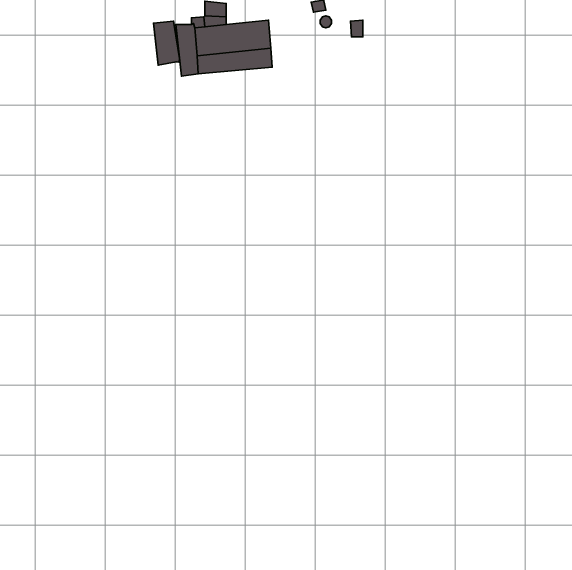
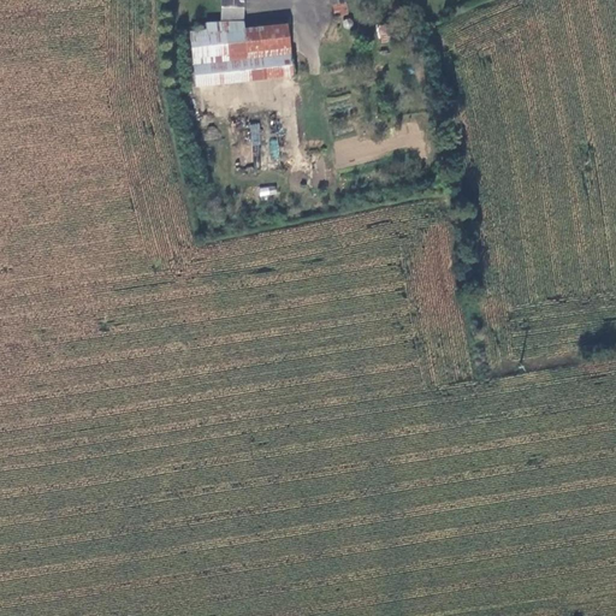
building: [153,21,179,65] -> none

